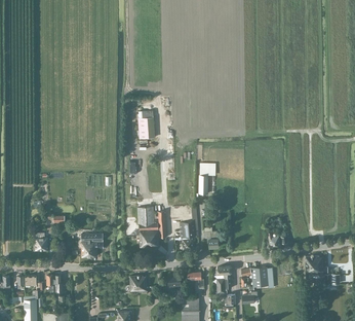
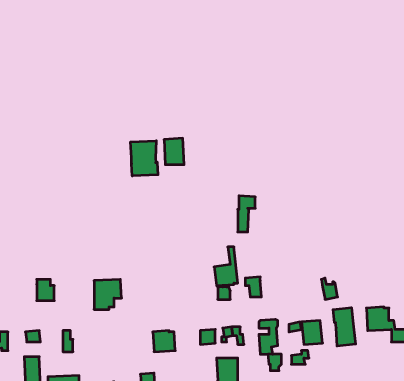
building: none -> [131,141,158,176]
building: [139,206,167,247] -> none
building: none -> [333,308,356,346]

